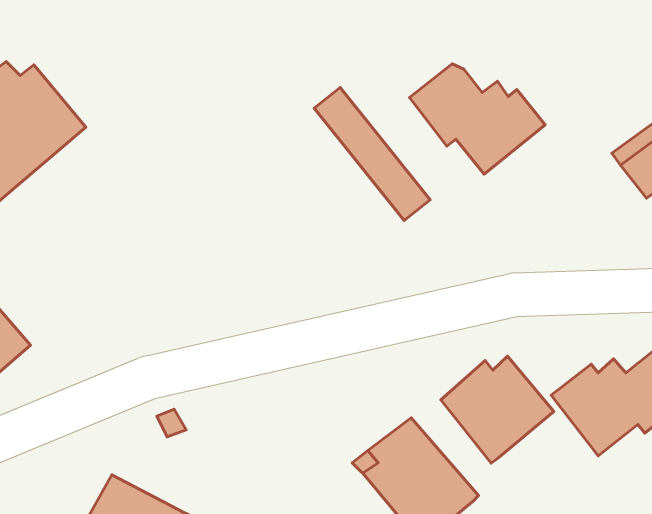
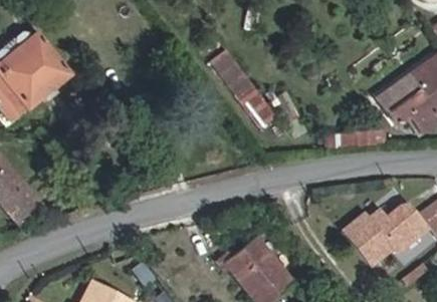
building: [409,64,545,174] -> none
building: [441,356,554,463] -> none

